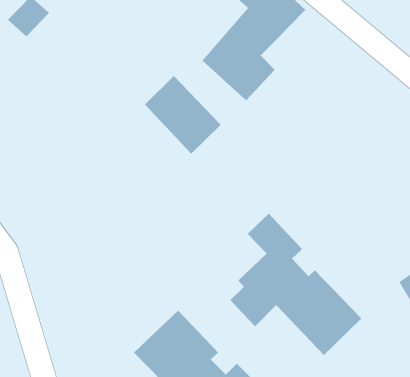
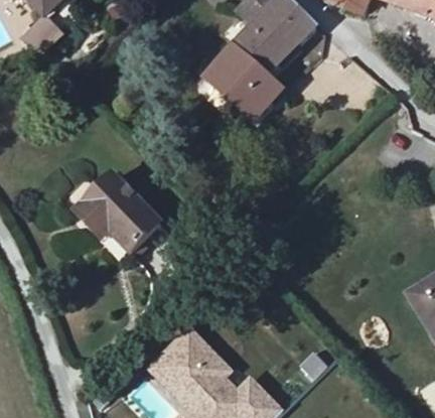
building: [144,75,221,154] -> [77,173,153,252]
building: [229,213,362,356] -> none

